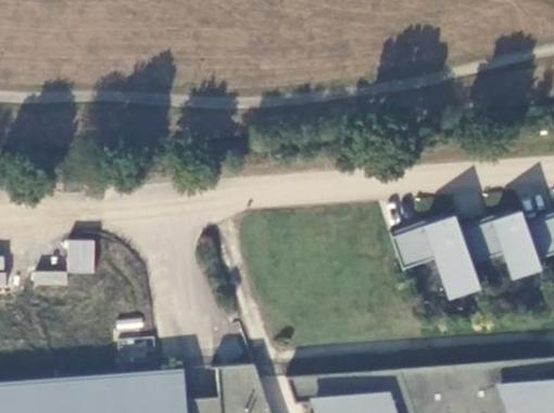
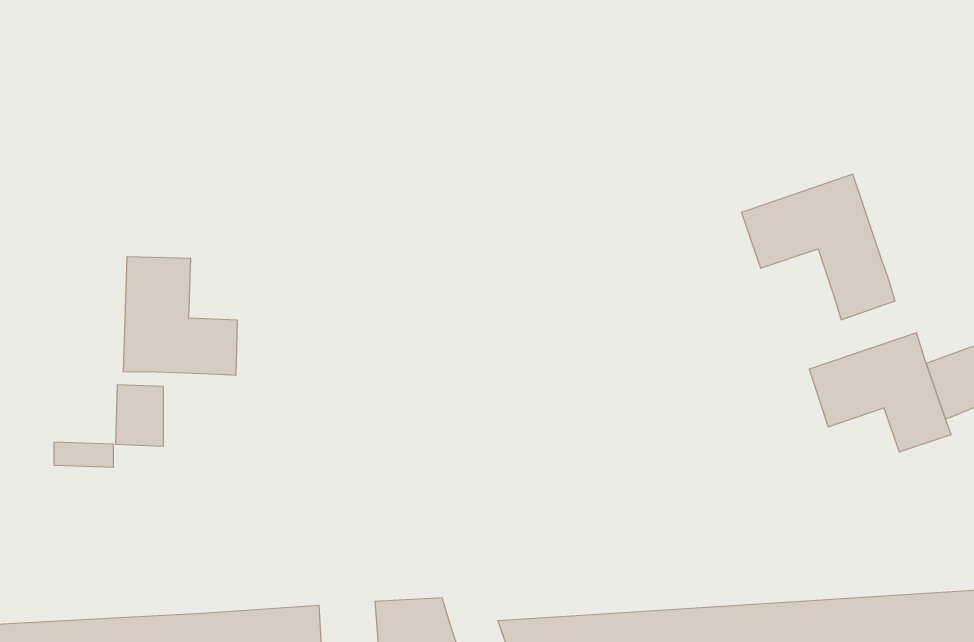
building: none -> [123,256,237,375]
building: [392,217,479,300] -> [741,174,895,320]

